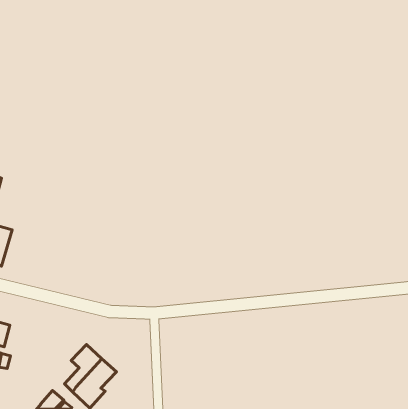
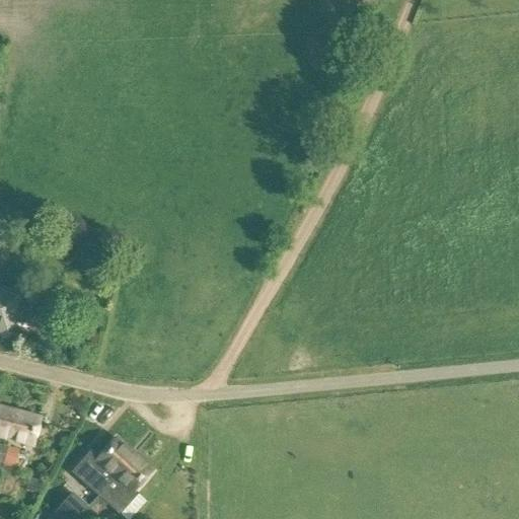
building: none -> [5,409,35,443]

